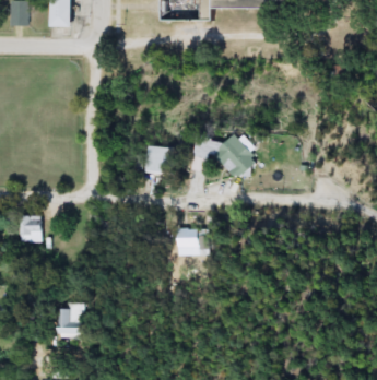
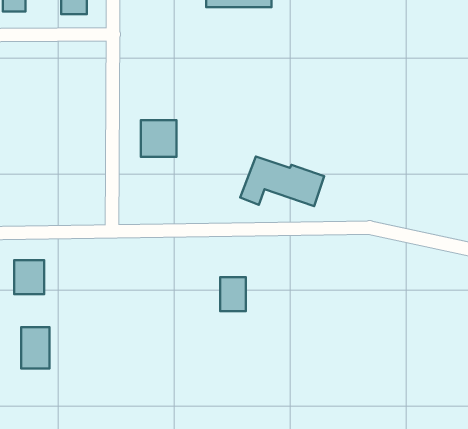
building: [144,146,172,175] -> [141,120,176,157]
building: [56,302,78,334] -> [21,327,50,369]

